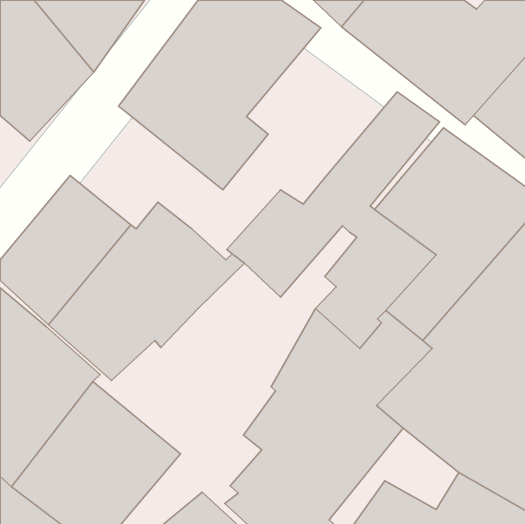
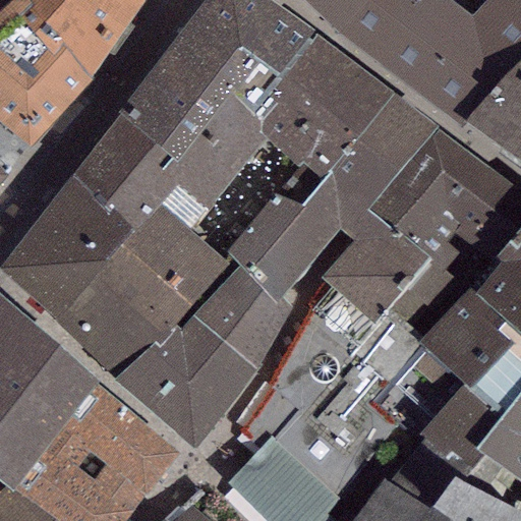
building: none -> [245,31,394,177]
building: none -> [71,111,222,229]
building: none -> [112,263,291,449]

